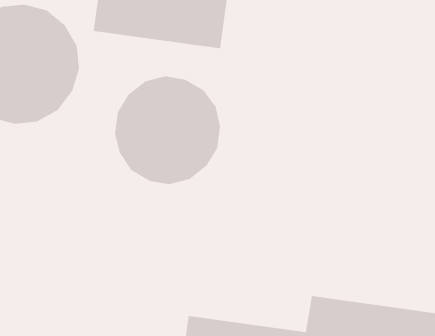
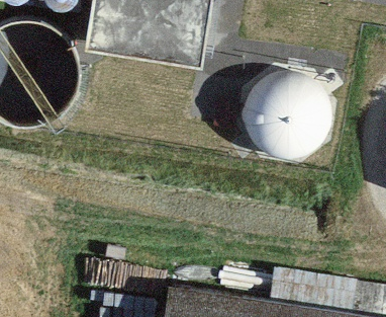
building: none -> [244,71,334,161]
building: [114,76,220,185] -> none

